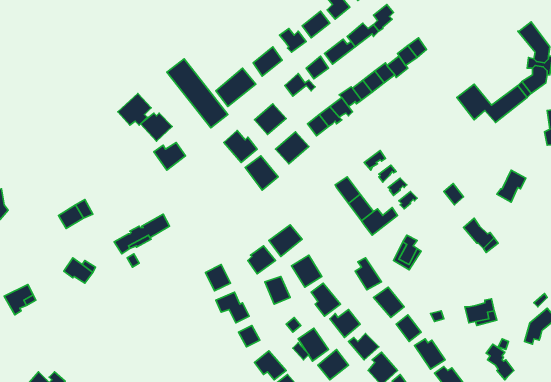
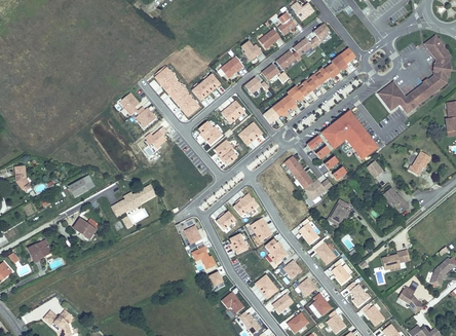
building: none -> [322,111,378,159]

